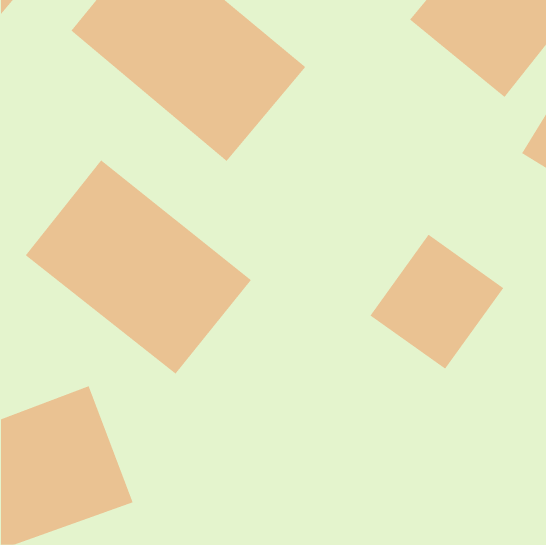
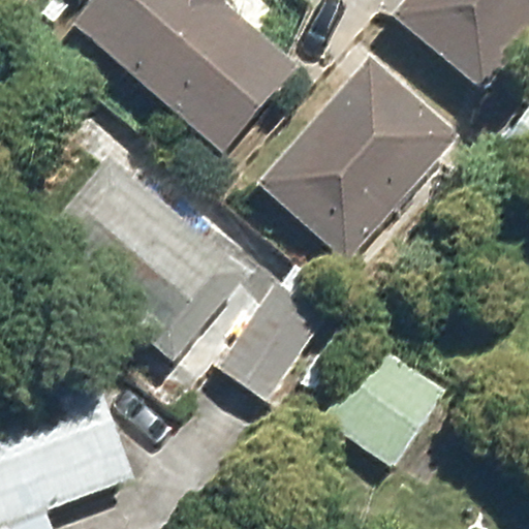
building: none -> [258,60,458,259]
building: [369,234,504,370] -> [318,335,446,464]
building: none -> [221,279,330,398]

